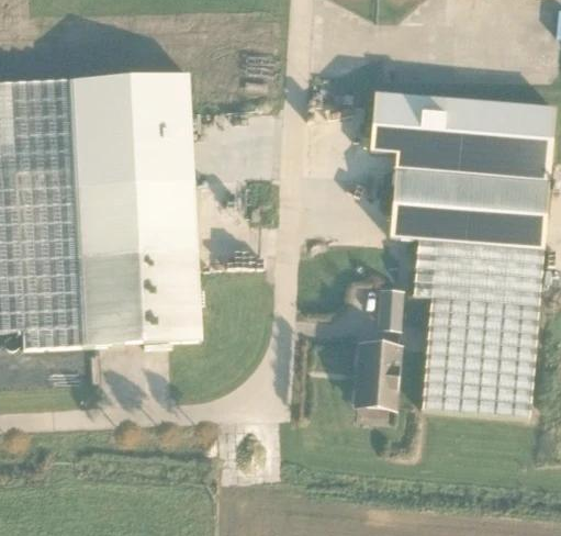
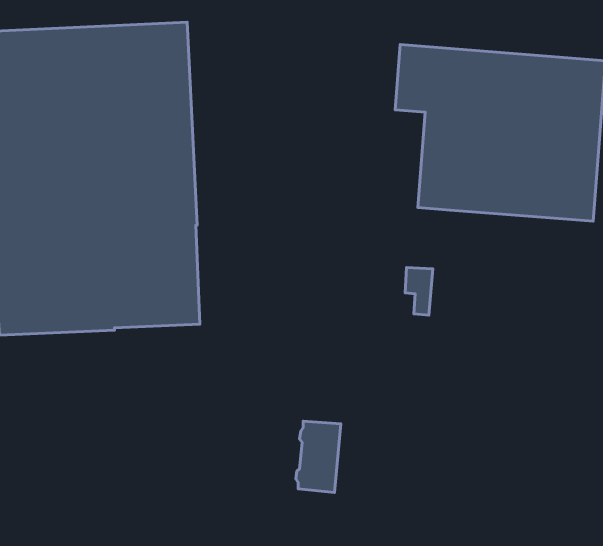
building: [413,237,543,417] -> none
building: [355,344,394,406] -> [296,421,341,493]

